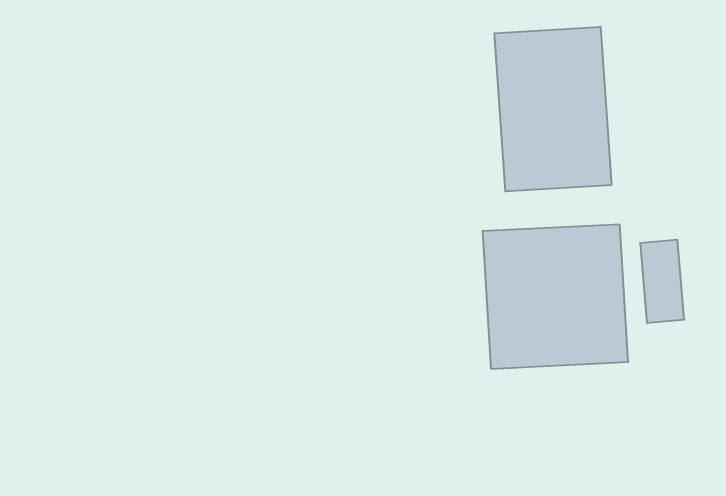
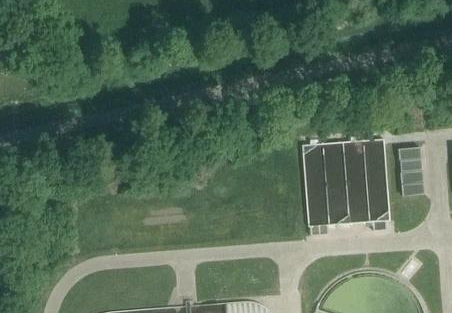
building: [494,27,611,192] -> none

